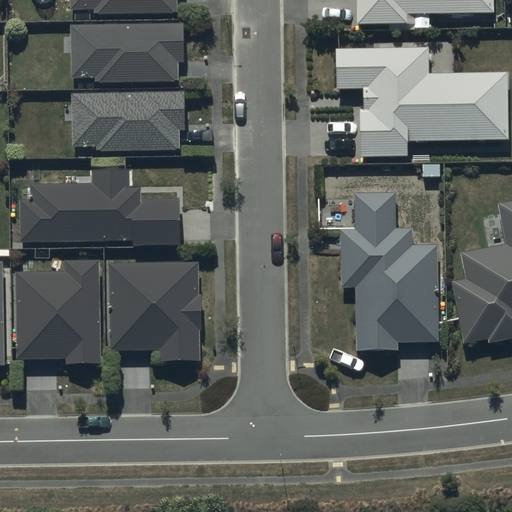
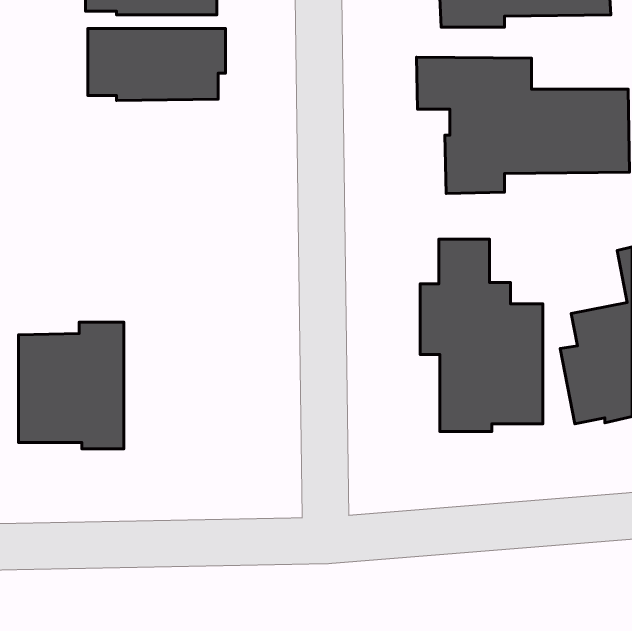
building: [70,91,183,150] -> none
building: [18,168,179,246] -> none
building: [108,262,200,360] -> none

